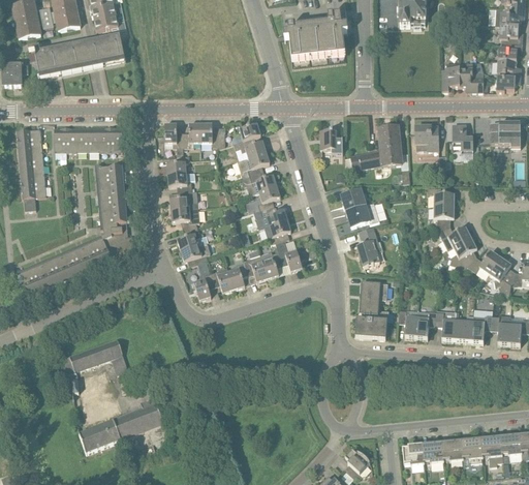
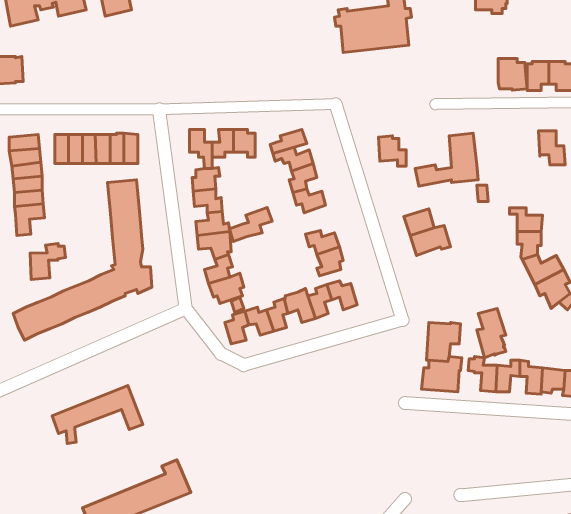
building: [27,33,124,73] -> none
building: [414,124,438,150] -> [498,59,527,90]
building: [245,184,280,212] -> [229,207,272,241]
building: none -> [30,244,66,279]
building: [355,225,379,266] -> [477,309,506,358]

